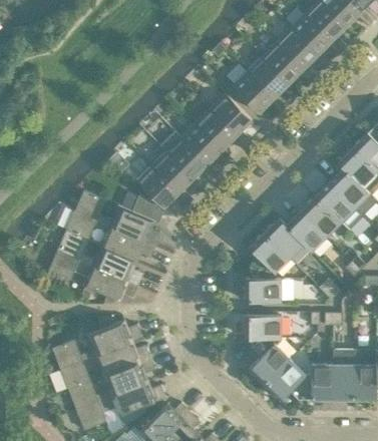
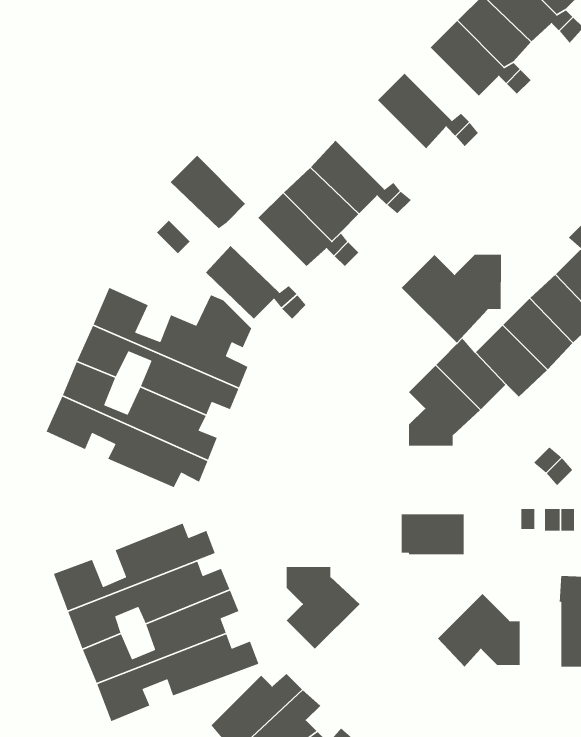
building: [247,58,288,98] -> none
building: [209,94,252,136] -> none
building: [150,152,193,193] -> [170,155,246,229]
building: none -> [401,254,502,344]
building: [245,279,280,302] -> none
building: [249,339,290,385] -> [286,566,360,649]
building: [310,365,333,401] -> none

